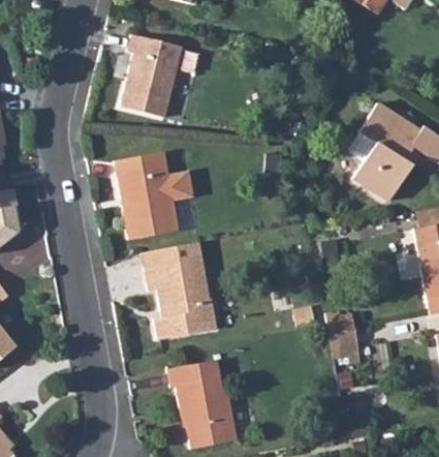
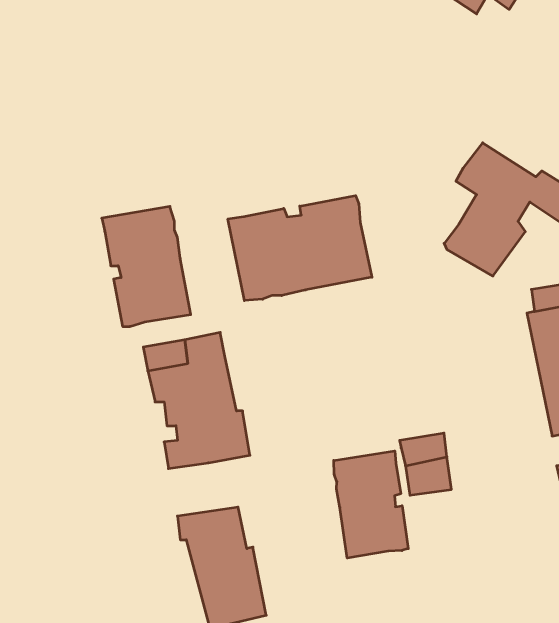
building: [123,36,185,118] -> none
building: none -> [228,196,372,301]
building: none -> [334,451,408,558]

